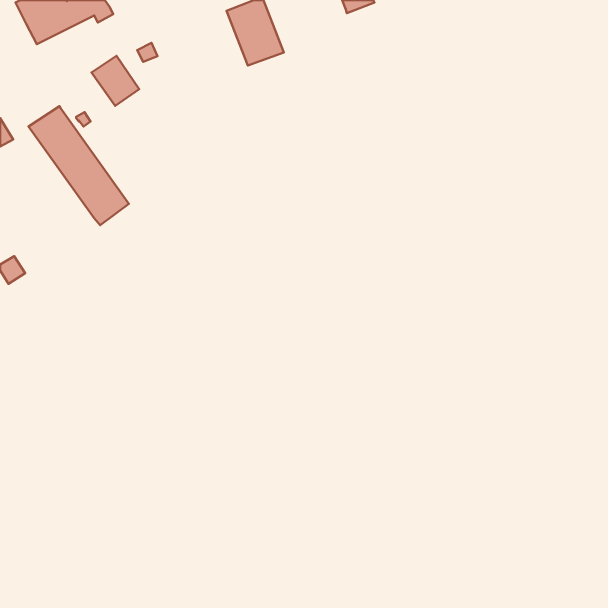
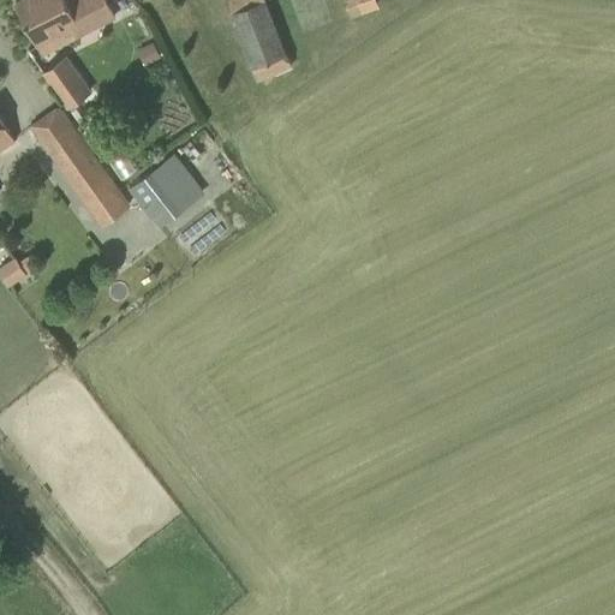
building: [91,56,139,106] -> [42,58,90,108]
building: none -> [129,156,203,229]

